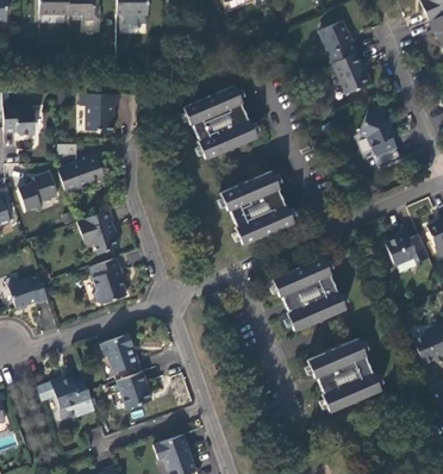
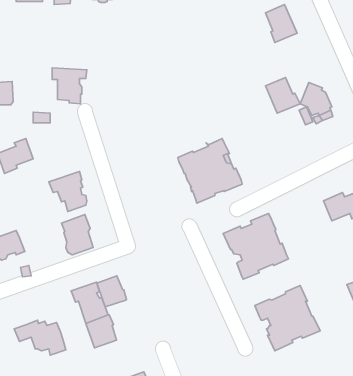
building: [333,52,373,93] -> [265,77,300,113]
building: [183,86,257,160] -> none
building: [58,154,104,192] -> none
building: none -> [97,276,127,307]

